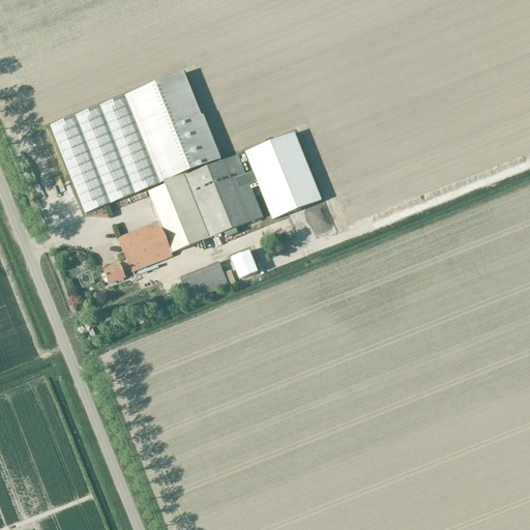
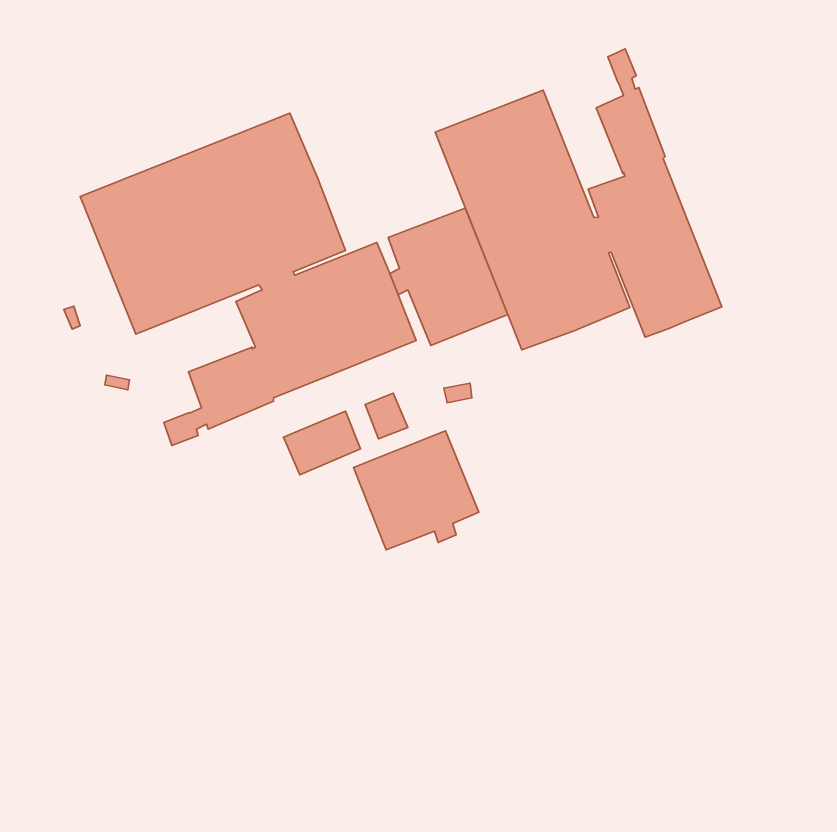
building: none -> [435,49,722,350]
building: none -> [354,431,479,550]

